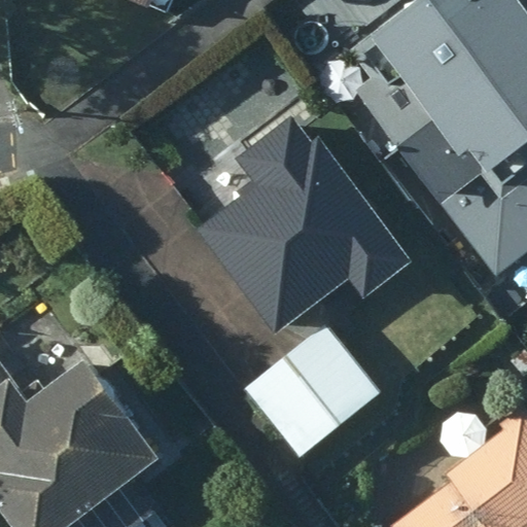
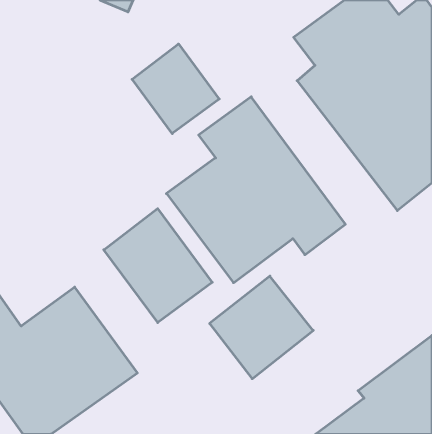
building: none -> [132,44,219,134]
building: none -> [104,209,212,323]

